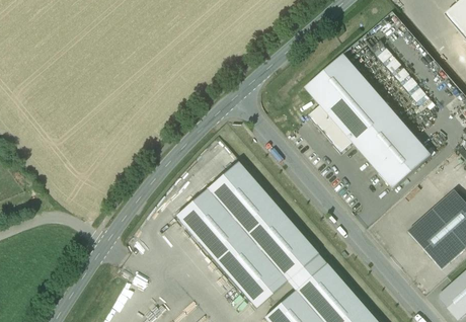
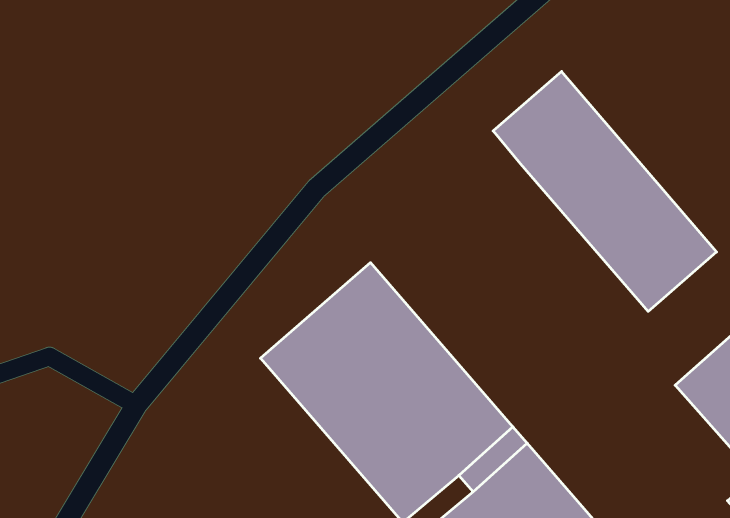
building: [309,105,354,154] -> none

